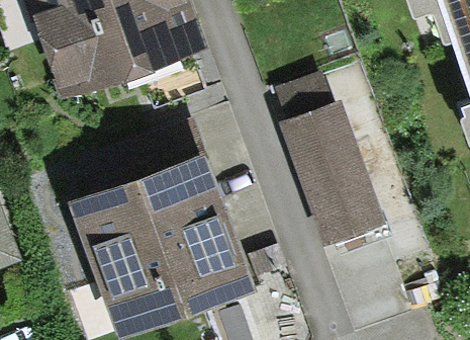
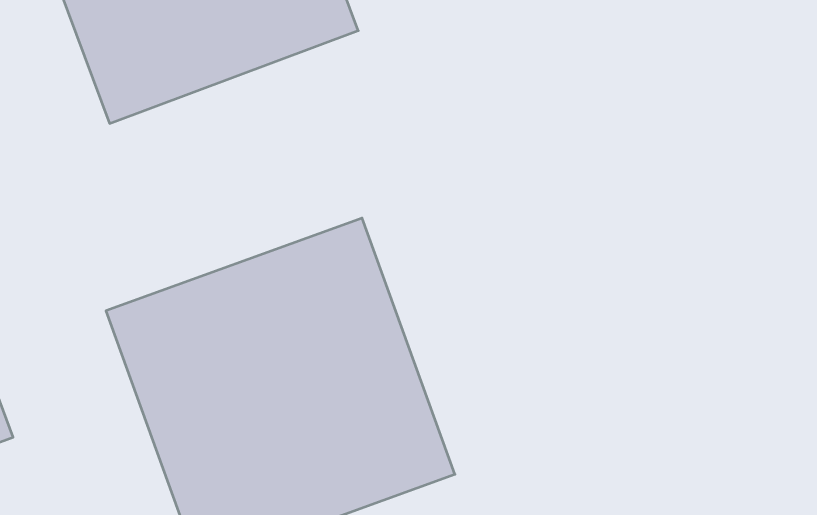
building: [274,80,385,245] -> none

